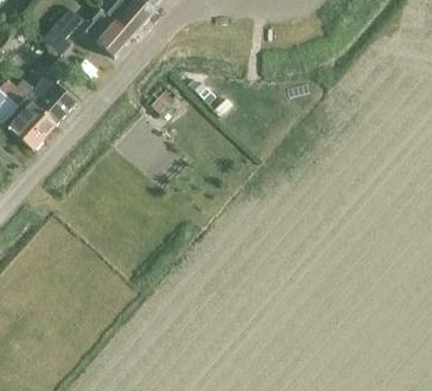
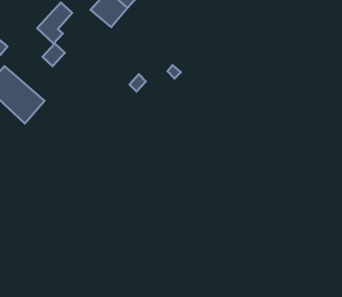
building: [83,10,131,56] -> none
building: [14,77,73,122] -> none

